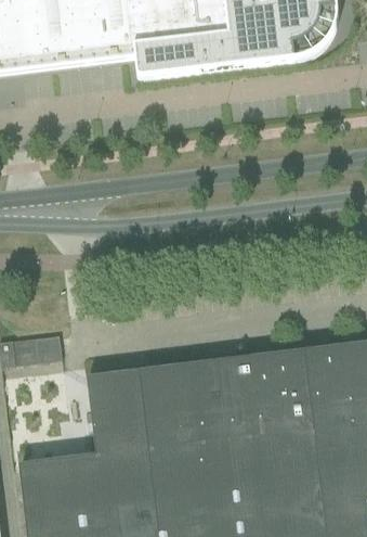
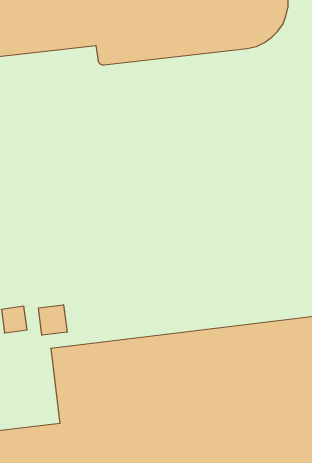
building: none -> [38,305,67,335]

